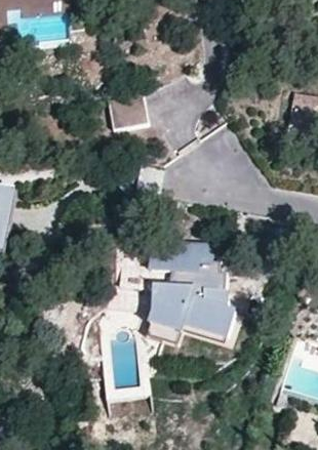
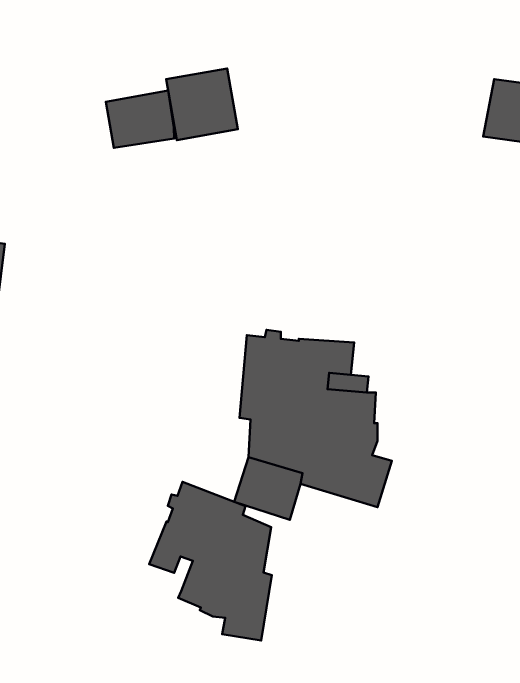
building: none -> [106,91,174,148]
building: none -> [149,482,272,640]

